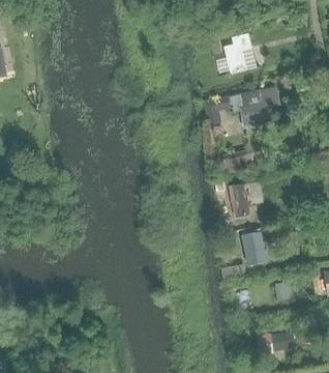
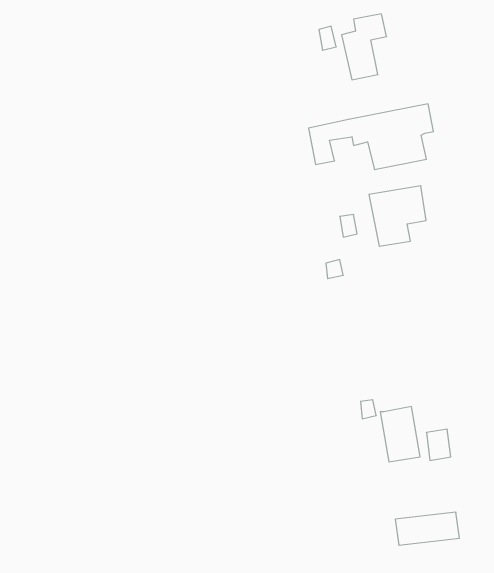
building: [228,181,262,218] -> [369,186,426,246]
building: [241,232,265,265] -> [380,407,420,462]

